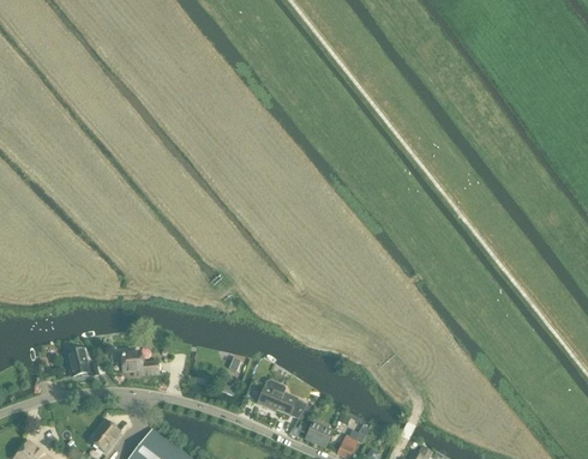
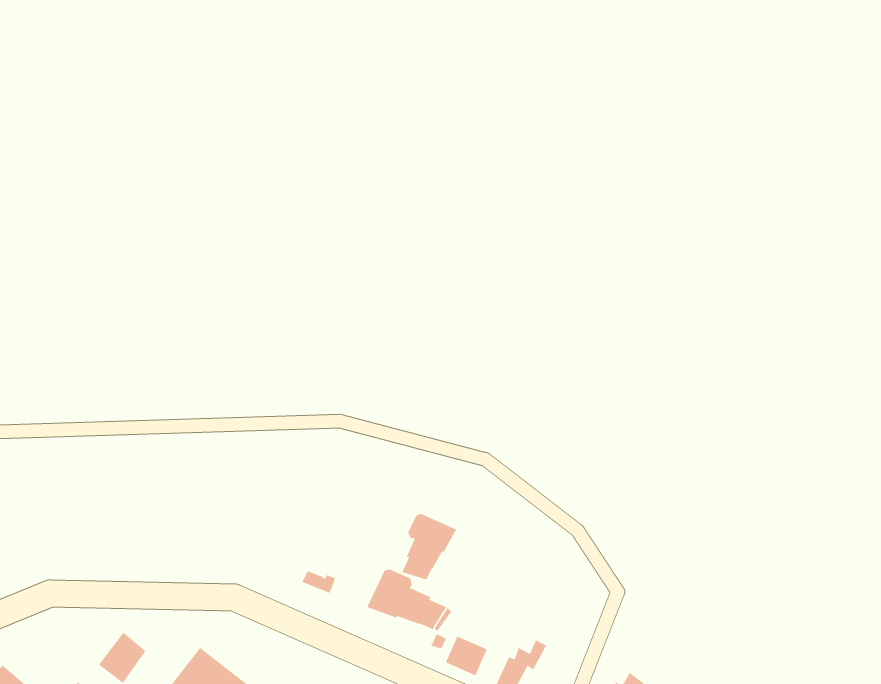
building: none -> [402,513,457,581]
building: [65,348,104,376] -> none
building: [121,352,157,375] -> none

